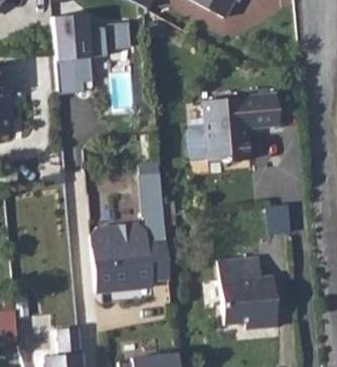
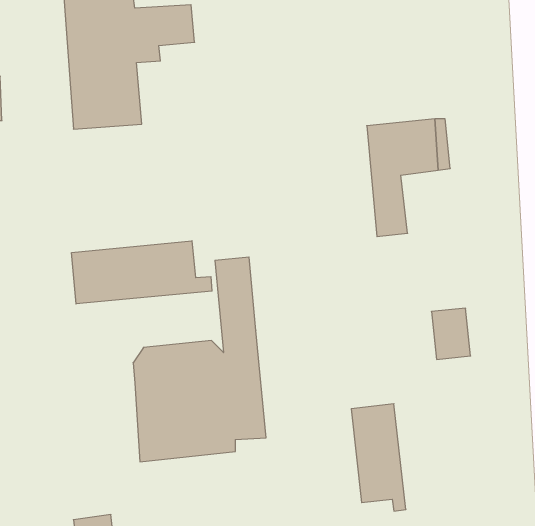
building: [186,96,235,161] -> none
building: none -> [72,241,212,304]
building: [245,258,280,322] -> none

